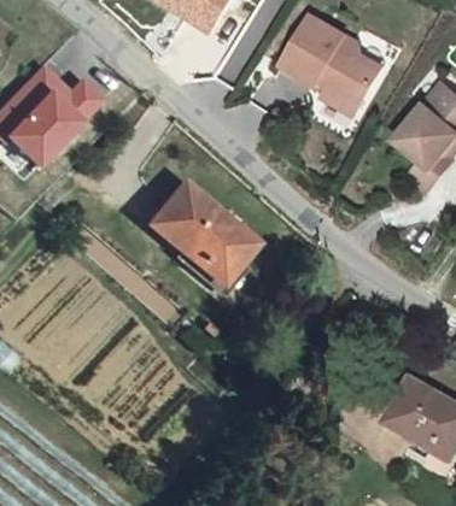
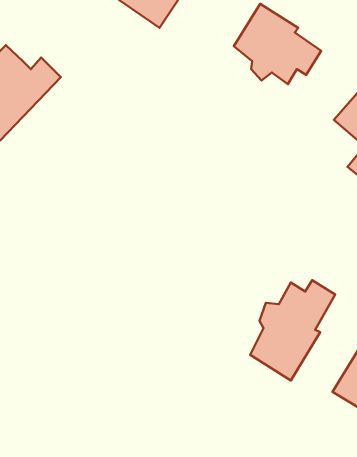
building: [146,175,251,280] -> none
building: none -> [250,280,335,380]

